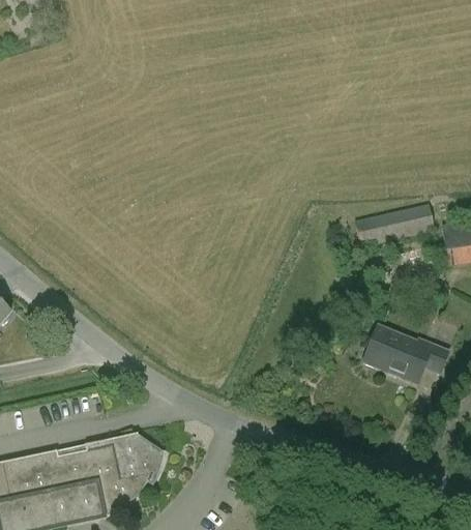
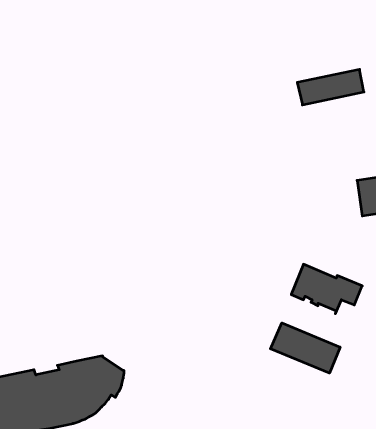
building: [354,203,434,245] -> [297,69,364,105]
building: none -> [270,323,340,373]

